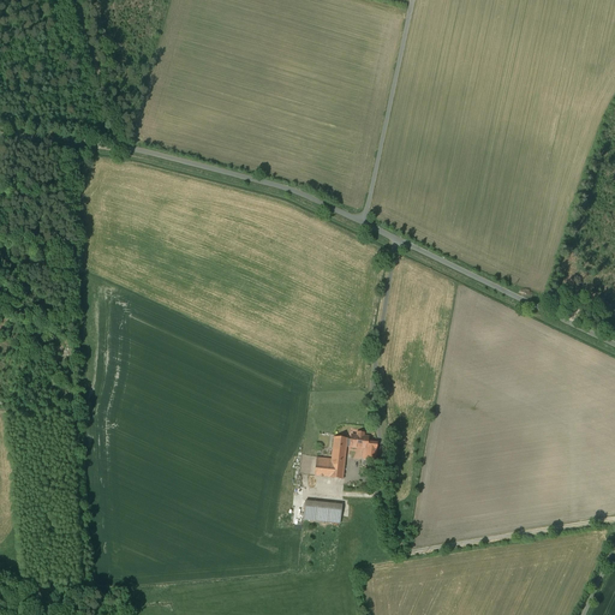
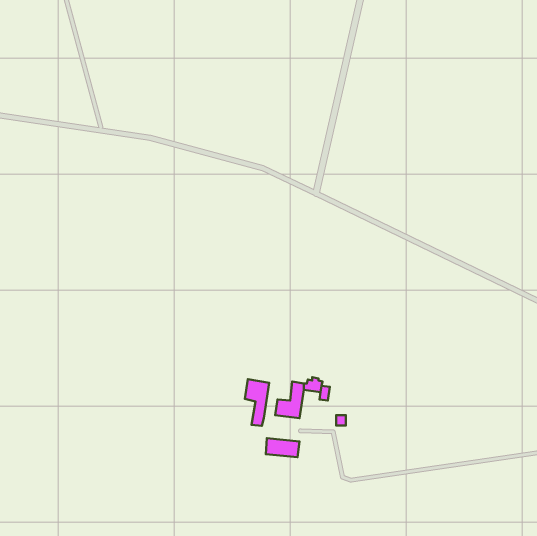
building: none -> [245,379,269,426]

